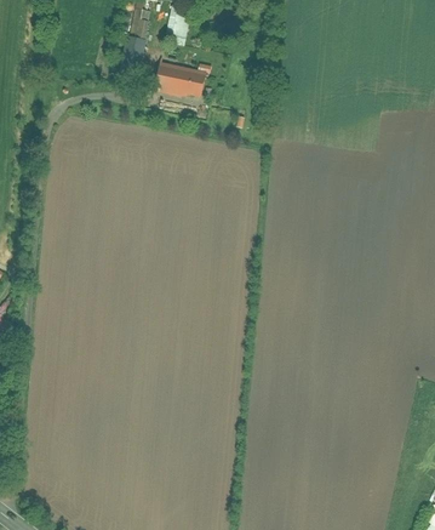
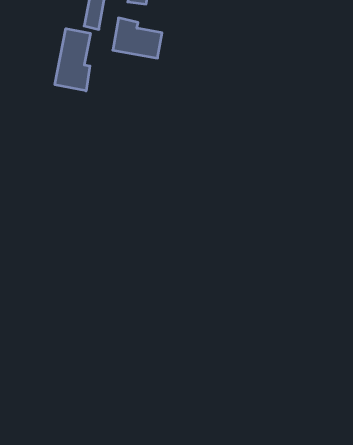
building: none -> [55,29,90,91]

